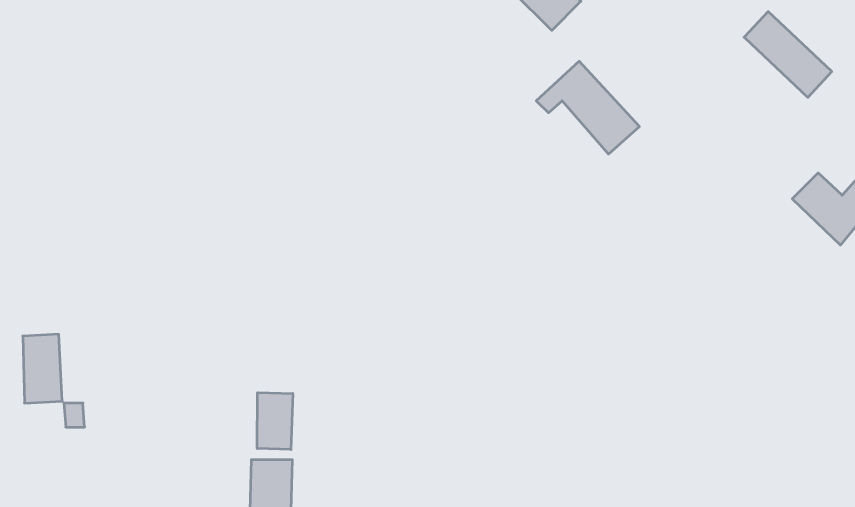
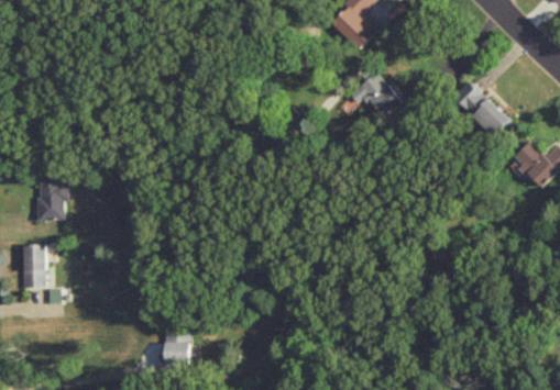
building: [744,12,832,97] -> [453,82,509,137]
building: none -> [36,171,67,221]
building: [257,393,293,450] -> none

